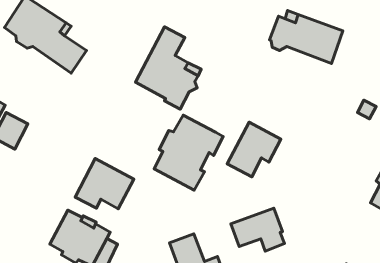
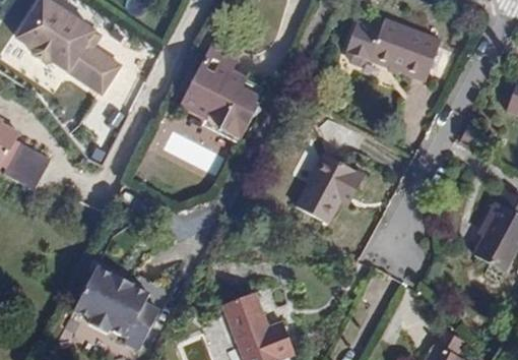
building: [154,115,223,190] -> none
building: [75,159,134,209] -> none
building: [231,208,285,251] -> none

